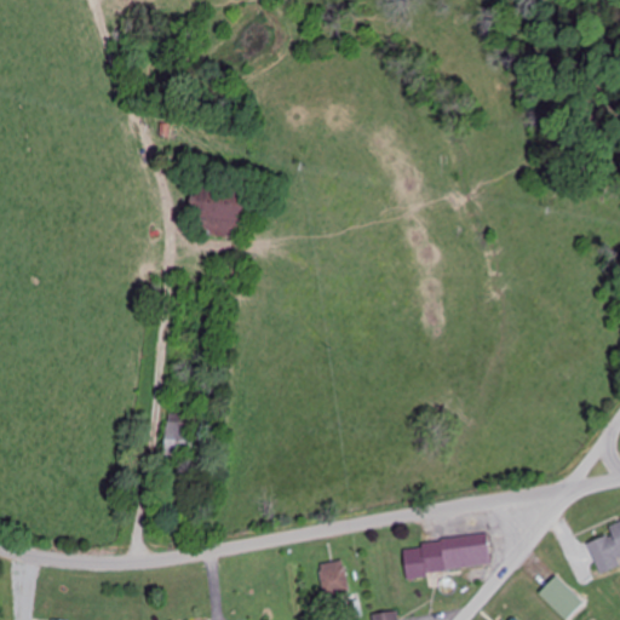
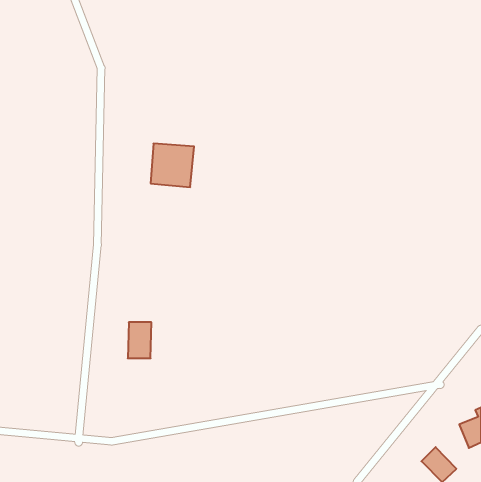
building: [401,534,489,575] -> none
building: [316,559,346,595] -> none

